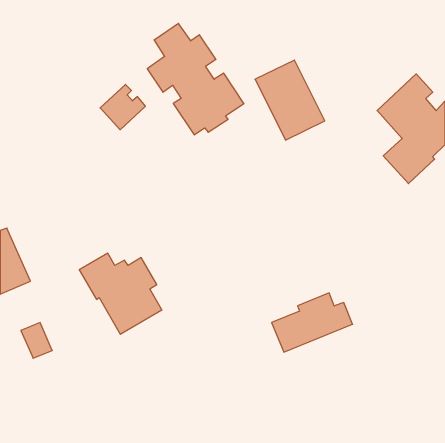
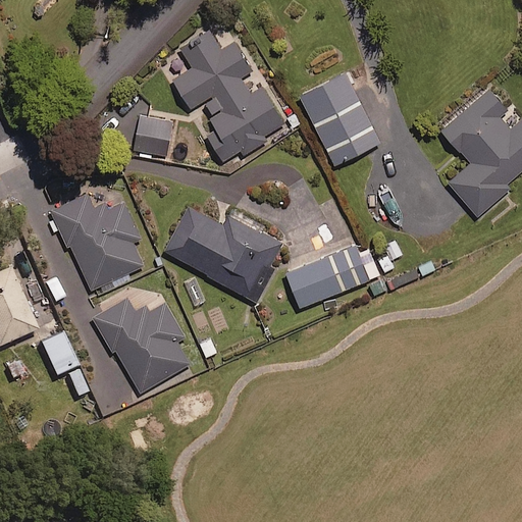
building: none -> [50,195,145,294]
building: none -> [165,208,282,304]
building: [272,293,353,352] -> [285,240,380,309]
building: [21,323,52,358] -> [40,335,76,377]

